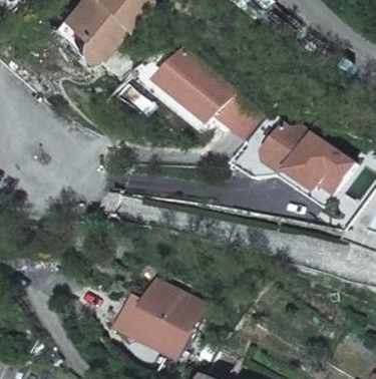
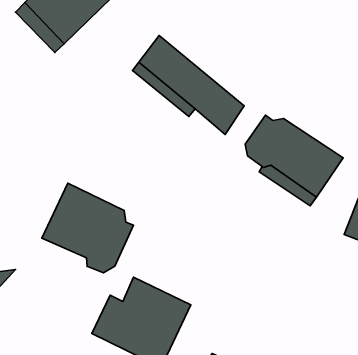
building: none -> [42,183,133,273]

